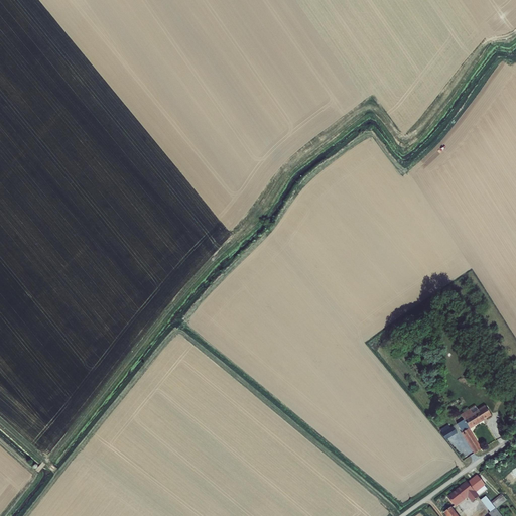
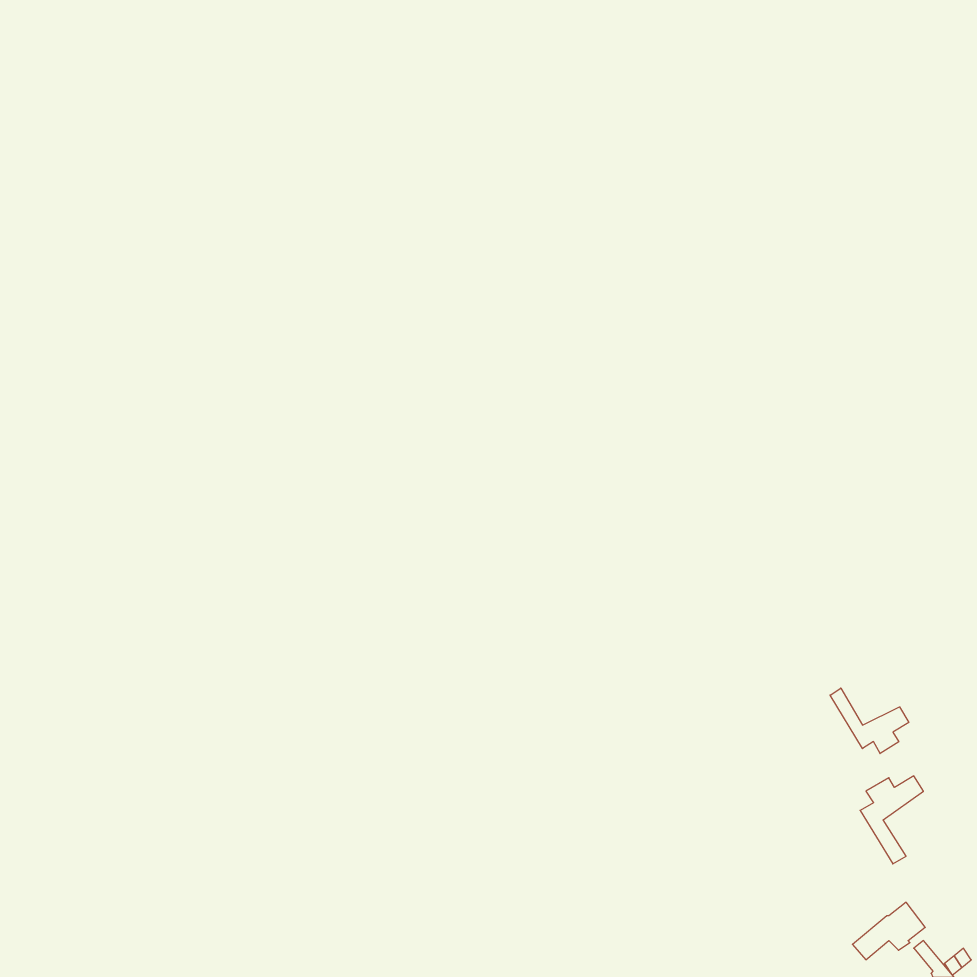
building: none -> [830,688,909,754]

